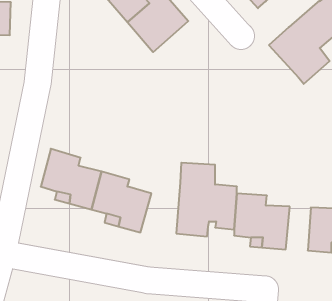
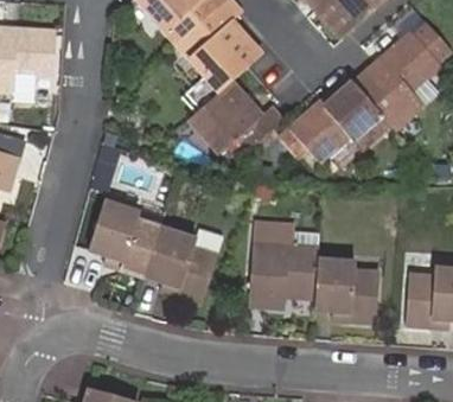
building: none -> [189,62,282,149]
building: none -> [282,75,390,157]

